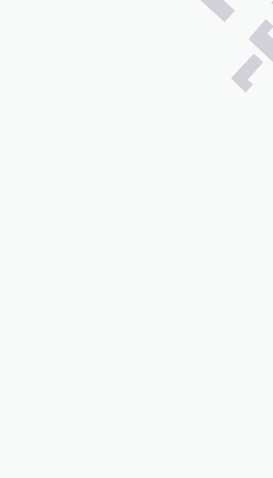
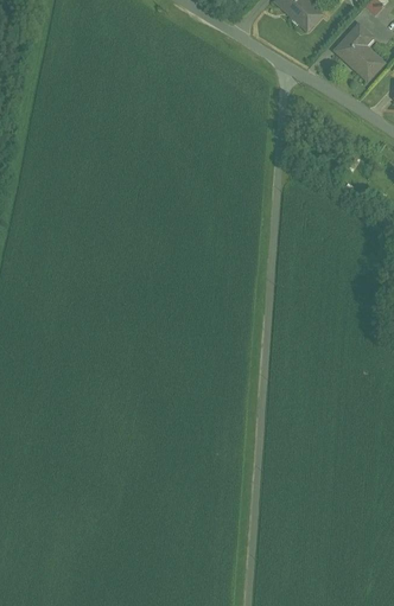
building: [230,53,264,94] -> none

